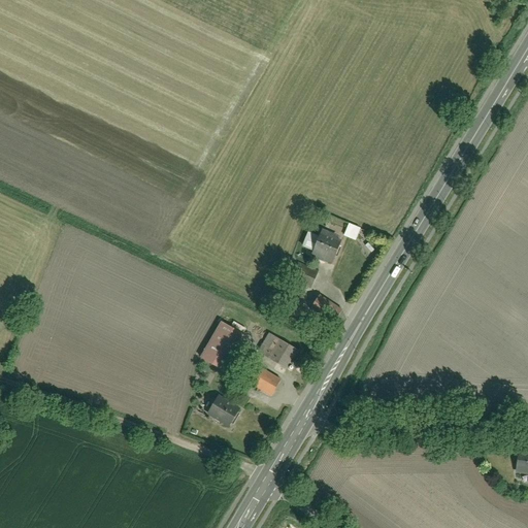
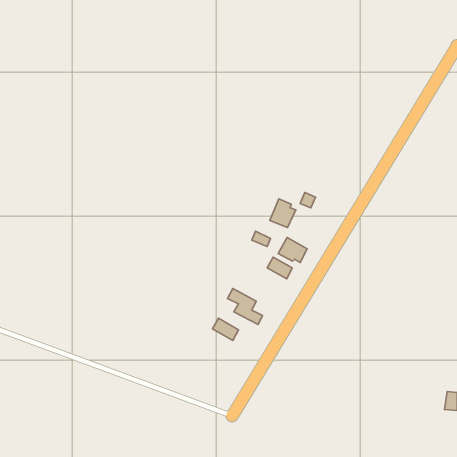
building: none -> [278,237,307,263]
building: [201,325,240,367] -> none
building: [207,396,238,426] -> none

